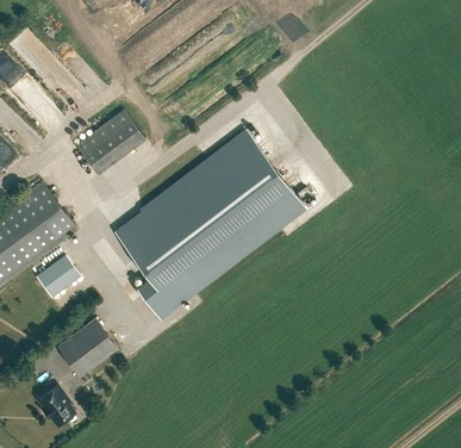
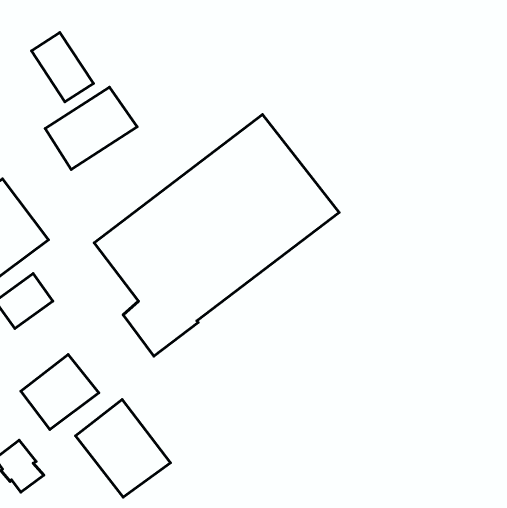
building: none -> [32,32,93,102]
building: none -> [76,399,171,497]

